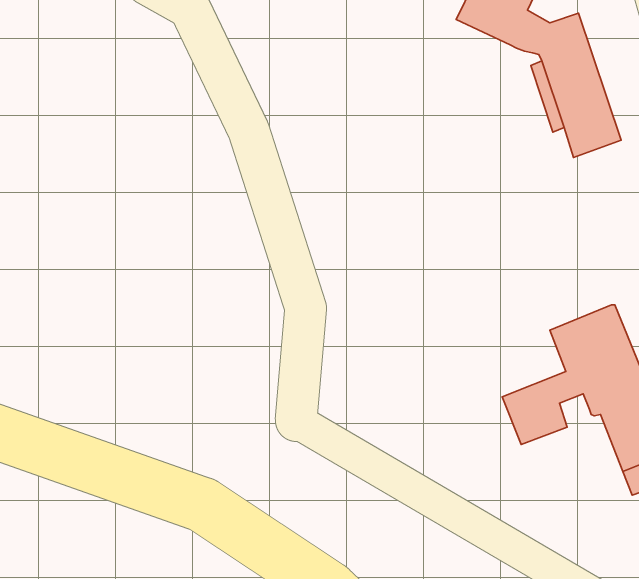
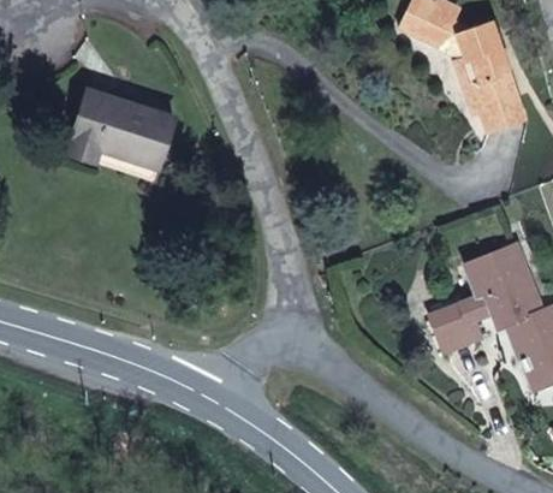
building: none -> [66,89,173,170]

